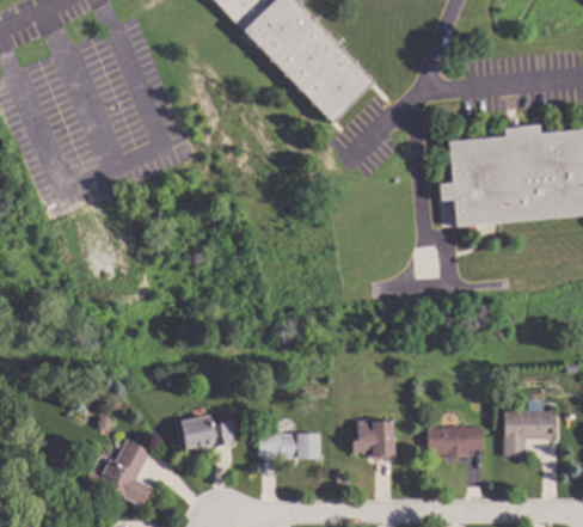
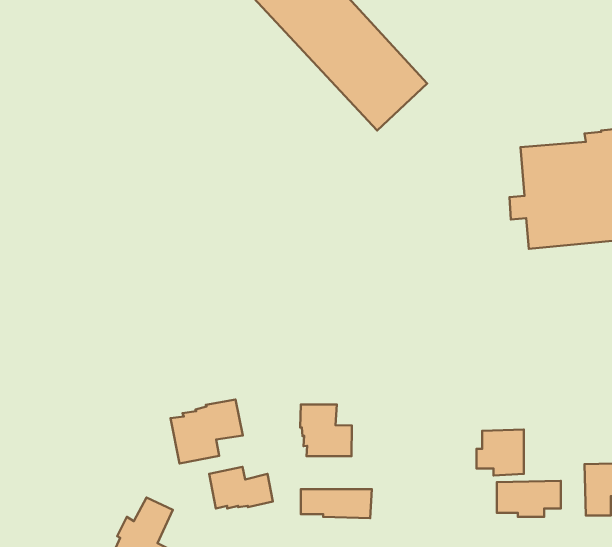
building: none -> [171,400,243,463]
building: none -> [300,404,352,456]
building: [354,419,394,459] -> [477,430,524,475]

